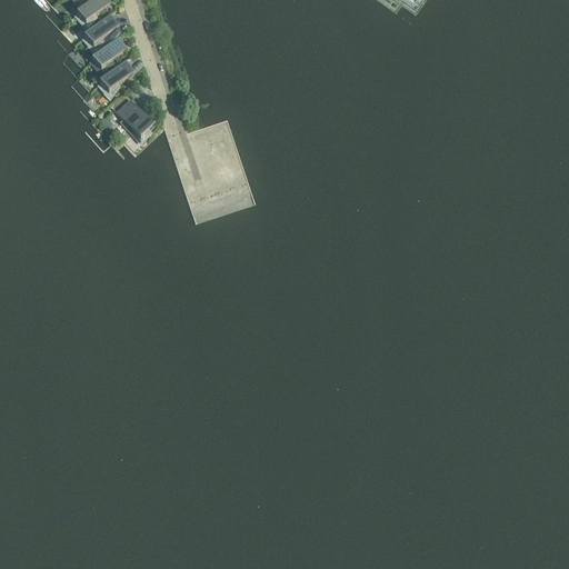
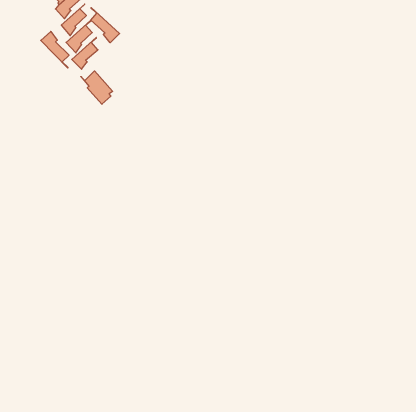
building: none -> [91,8,120,43]
building: none -> [41,31,69,68]

